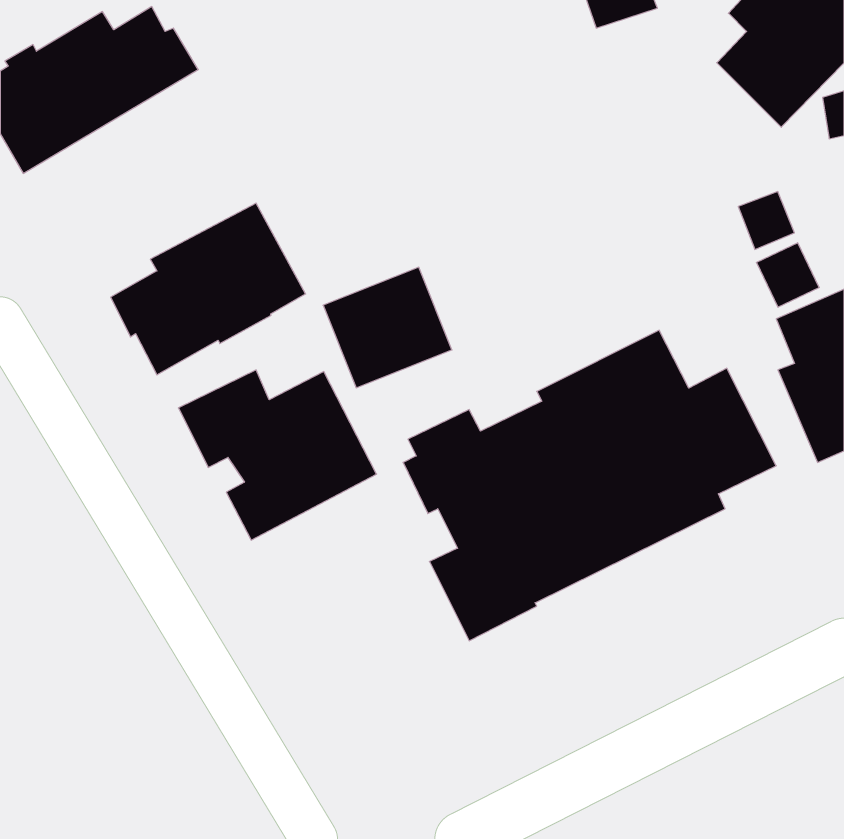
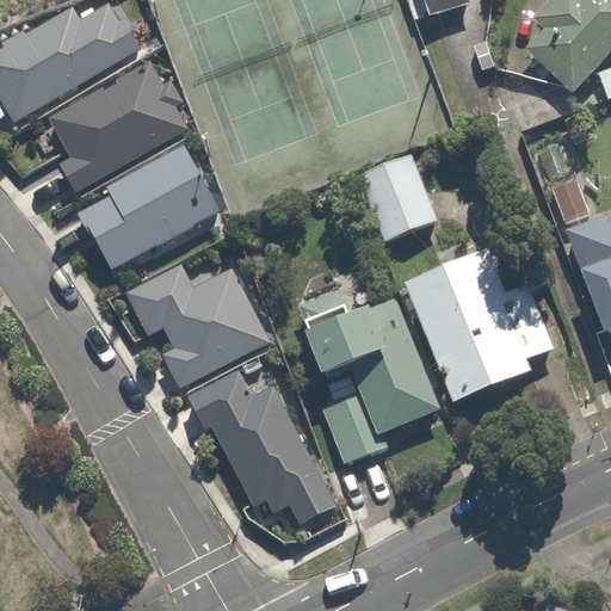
building: none -> [50,63,190,193]
building: [323,267,452,388] -> [344,155,437,242]
building: none -> [191,372,338,526]

